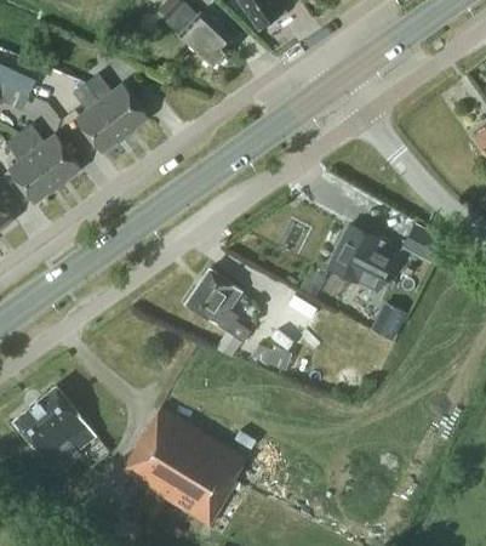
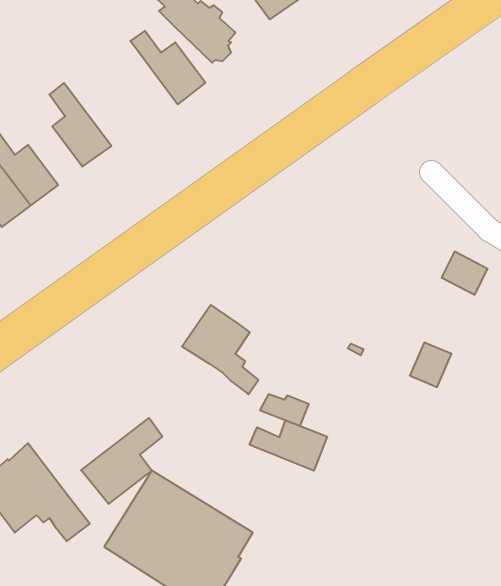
building: [86,73,149,135] -> [130,31,205,104]
building: [327,224,393,291] -> none
building: none -> [81,418,162,504]
building: none -> [250,420,327,471]

